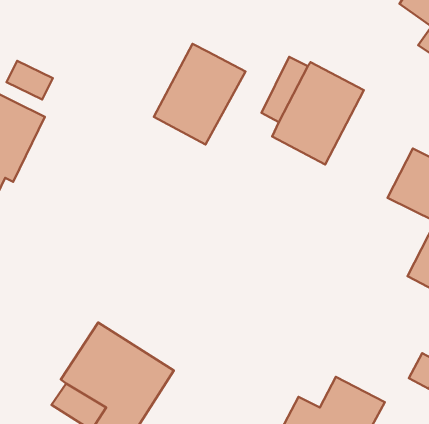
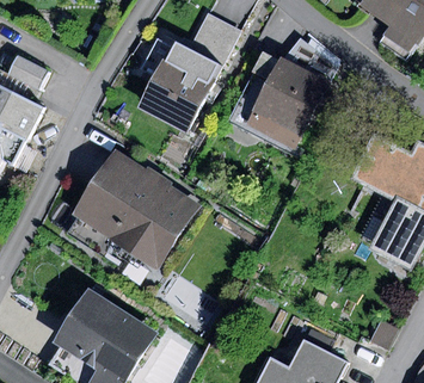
building: none -> [189,12,240,64]
building: none -> [72,147,199,267]

